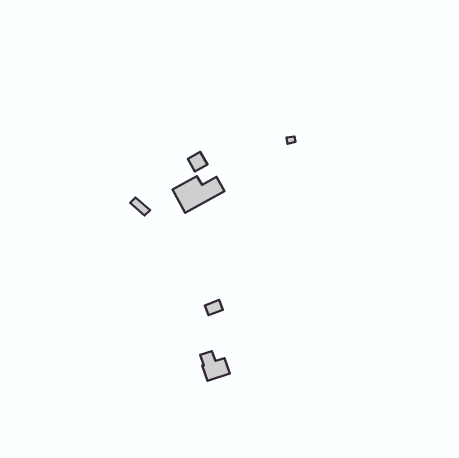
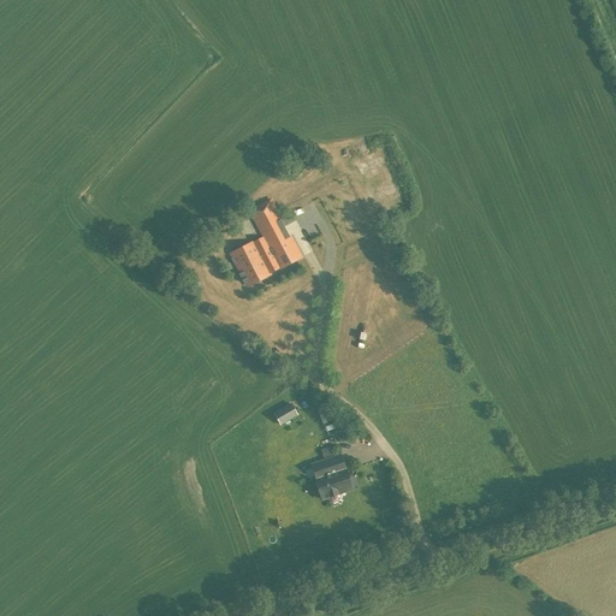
building: [200,351,230,381] -> [313,458,353,498]

